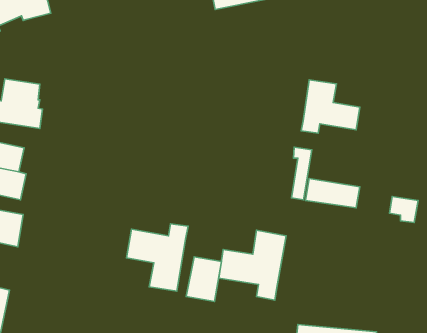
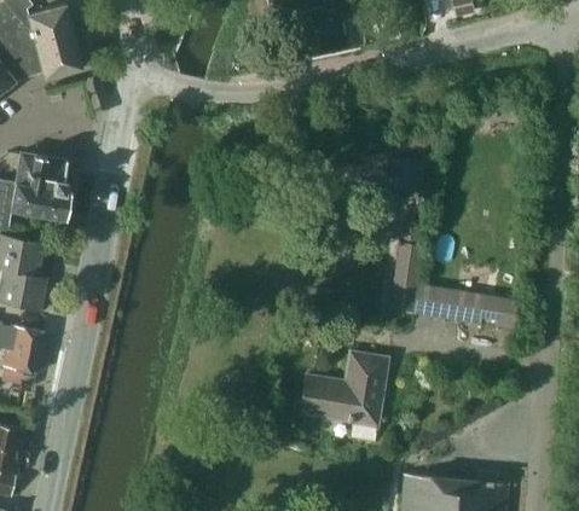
building: [301,80,360,133] -> none
building: [389,197,418,223] -> [480,294,517,327]
building: [126,224,188,291] -> none
building: [186,257,221,301] -> none

